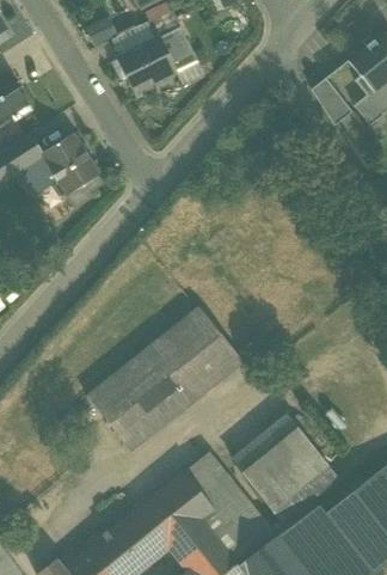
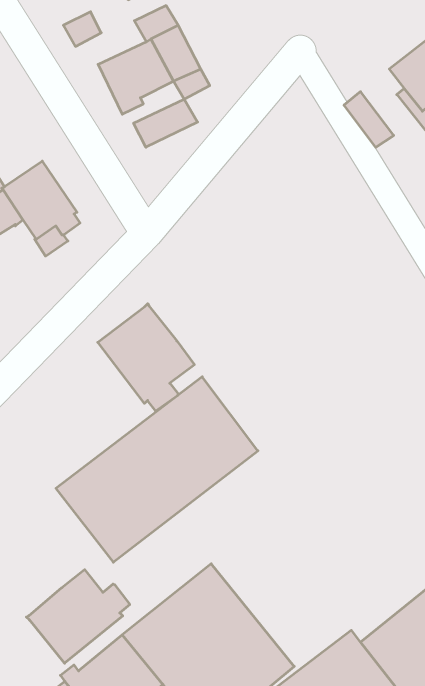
building: none -> [134,99,198,147]
building: none -> [98,304,194,411]
building: [232,418,326,508] -> none
building: none -> [26,570,130,663]

